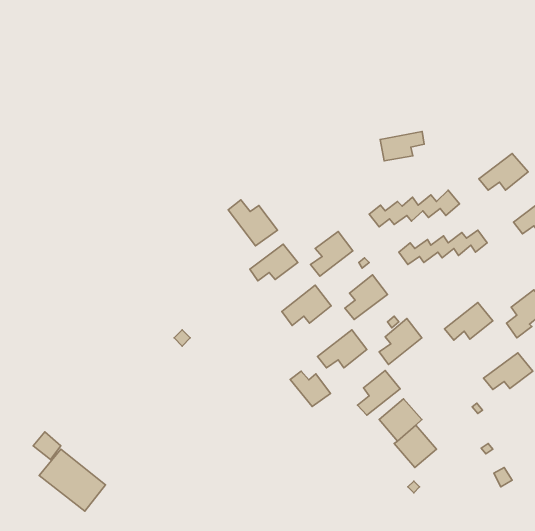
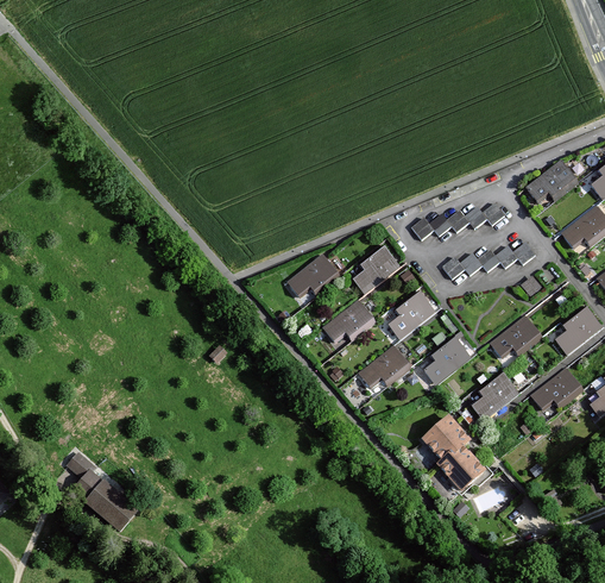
building: [380,131,424,161] -> none
building: [228,200,278,246] -> none
building: [358,371,400,415] -> [472,370,516,416]
building: [290,371,331,407] -> none

